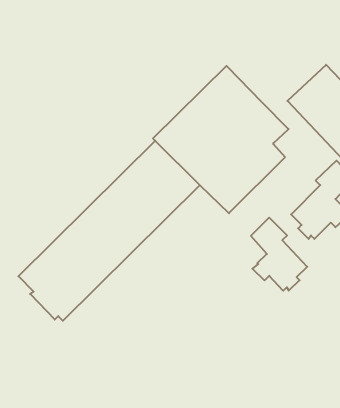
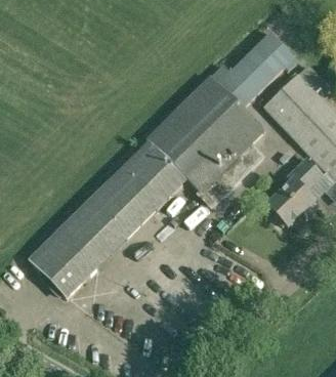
building: none -> [214,30,296,104]
building: [251,218,307,291] -> none

